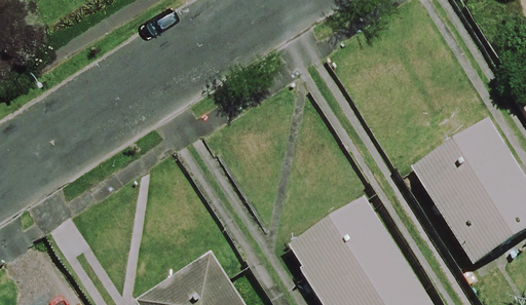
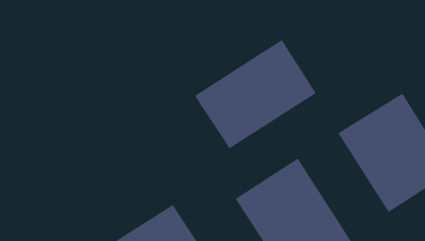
building: none -> [194,39,317,149]

